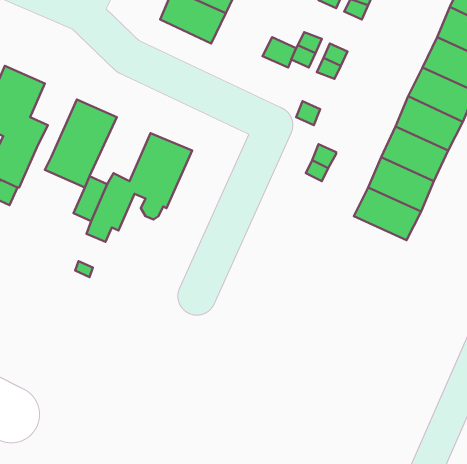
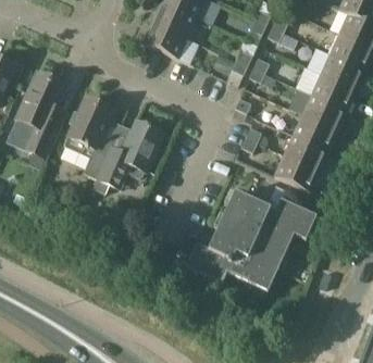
building: none -> [185,184,315,290]

